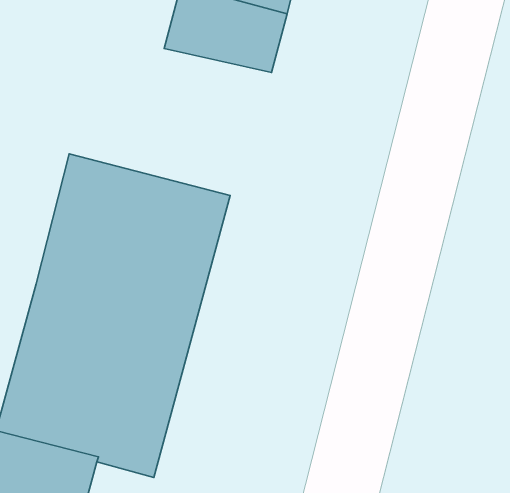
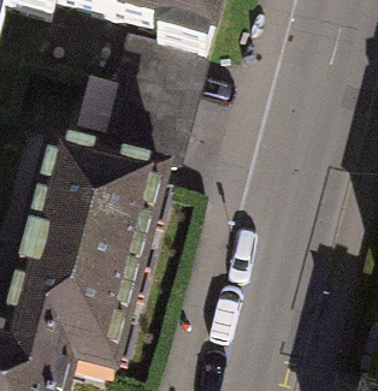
building: none -> [105,69,195,150]

